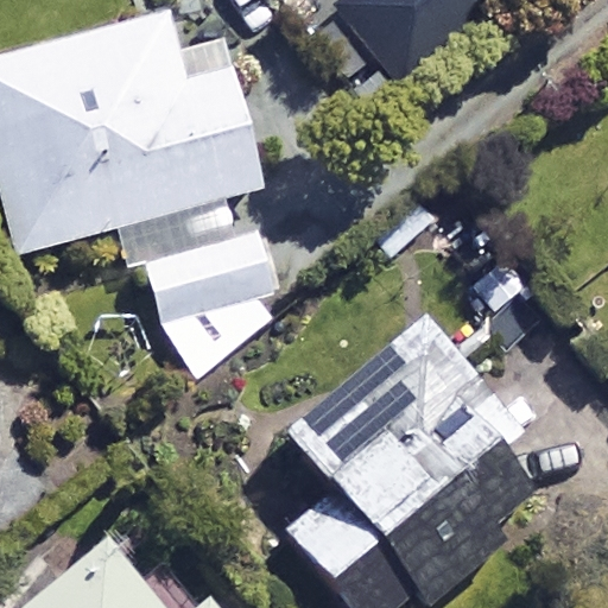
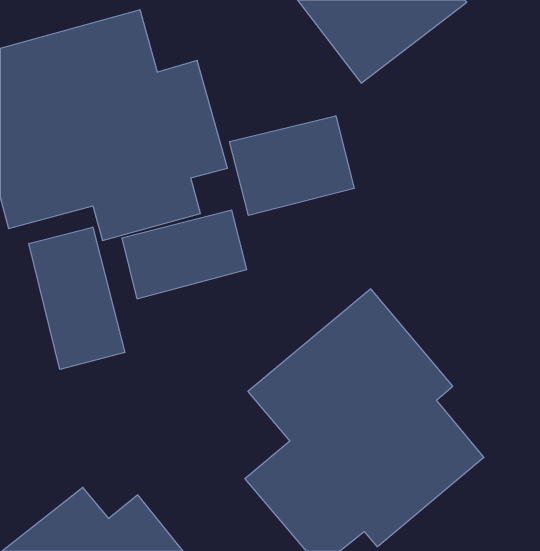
building: none -> [229,116,354,215]
building: none -> [29,227,125,369]

